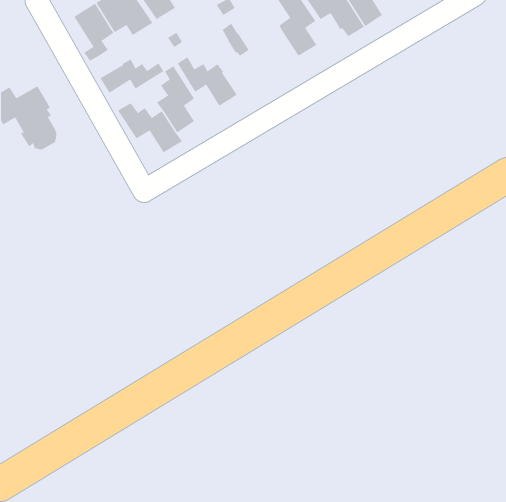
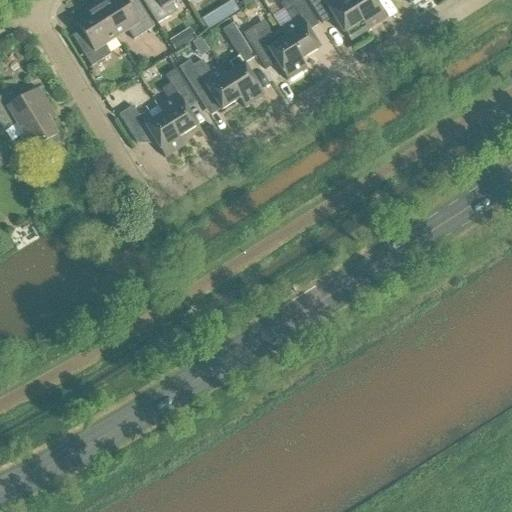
building: none -> [244,23,308,77]
building: none -> [226,53,265,104]
building: [100,59,164,93] -> none

